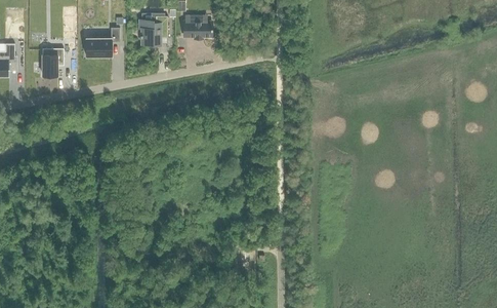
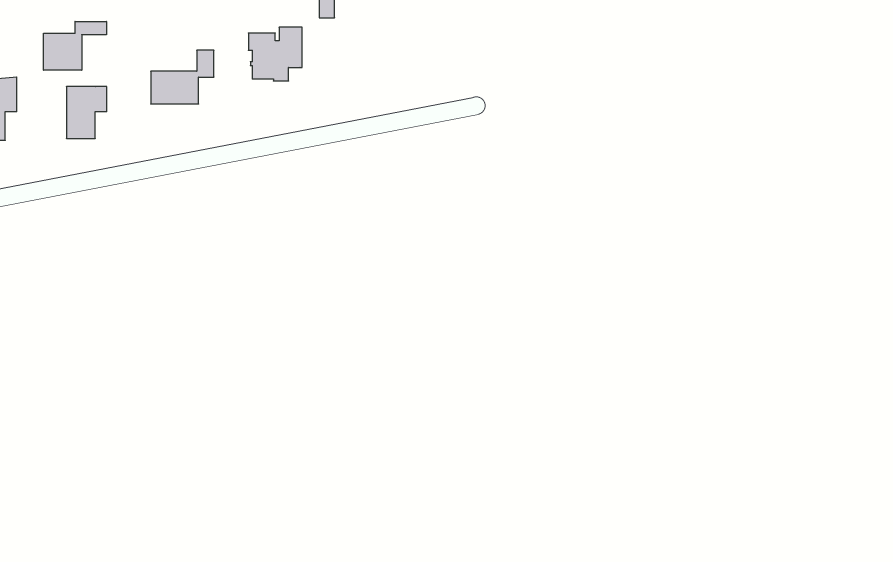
building: none -> [44,21,106,70]
building: [184,15,212,36] -> none

